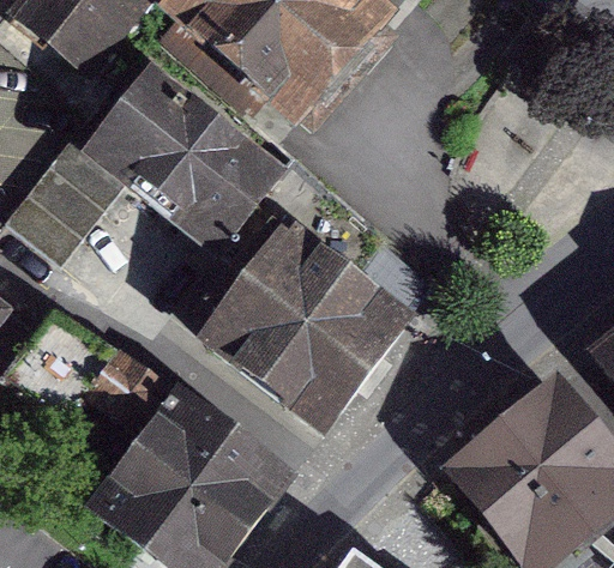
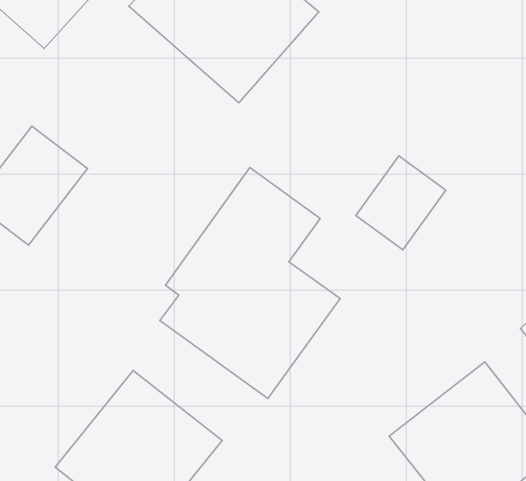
building: [101,80,278,249] -> none
building: none -> [356,156,446,250]

